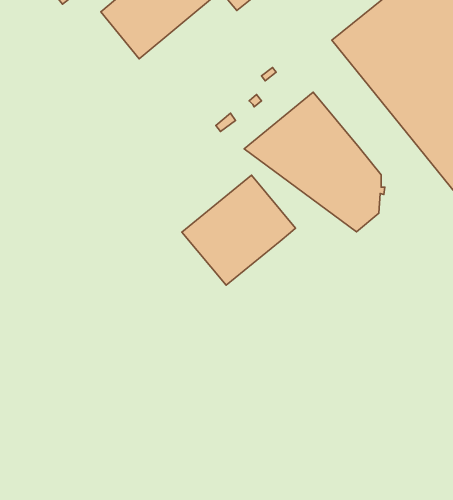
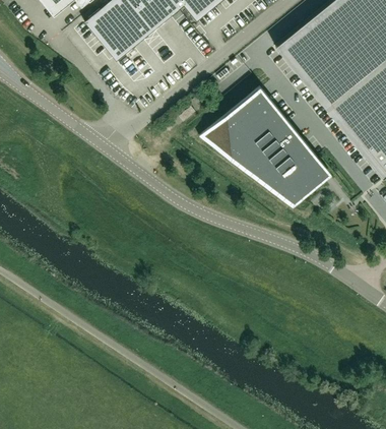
building: [182,175,296,285] -> none

